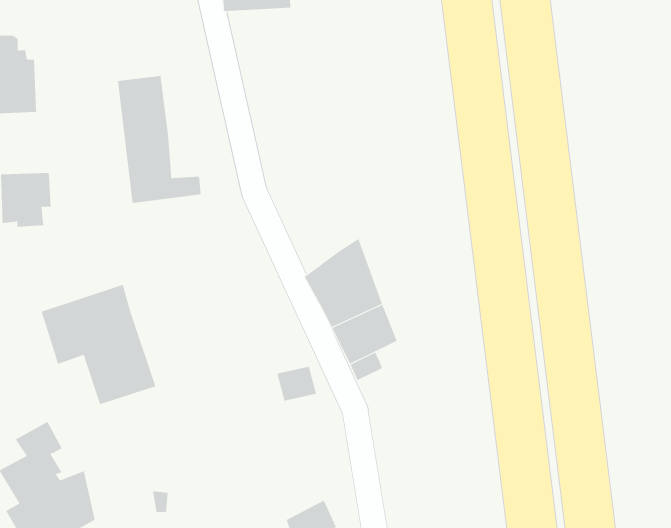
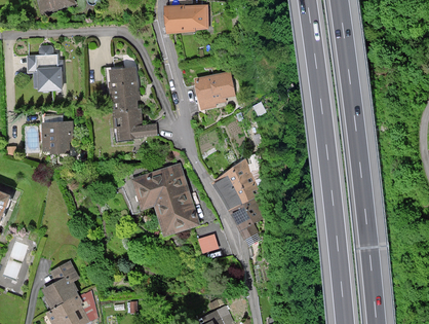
building: none -> [193,72,233,109]
building: [41,284,156,405] -> [132,165,197,232]

